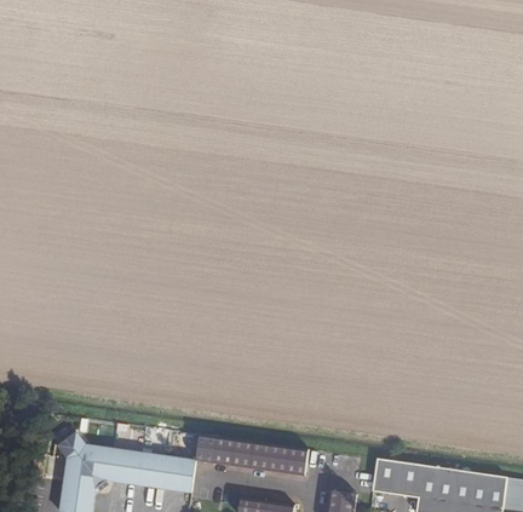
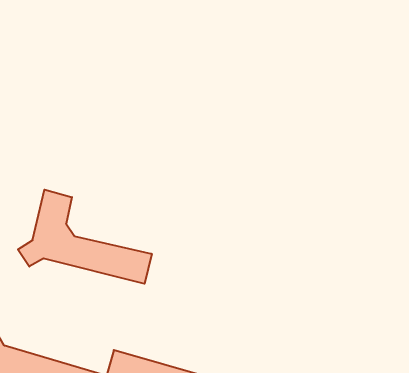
building: none -> [18,190,152,284]

